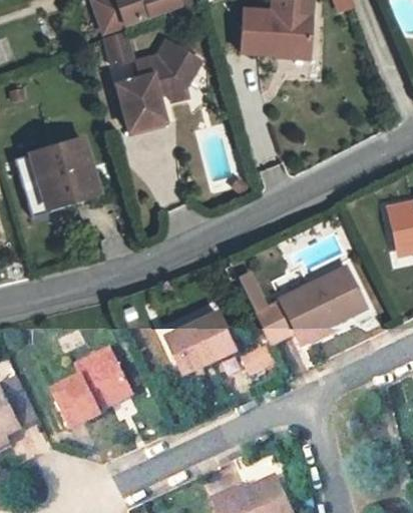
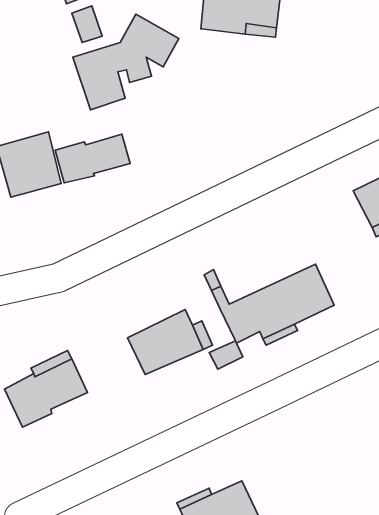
building: none -> [55,134,130,183]

